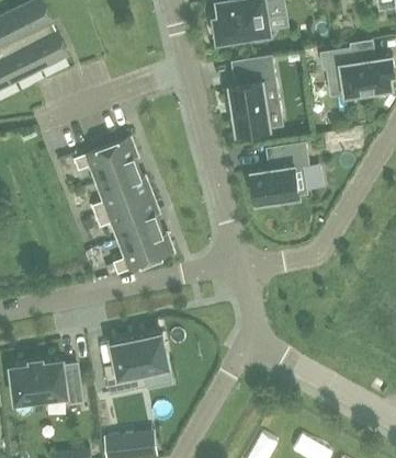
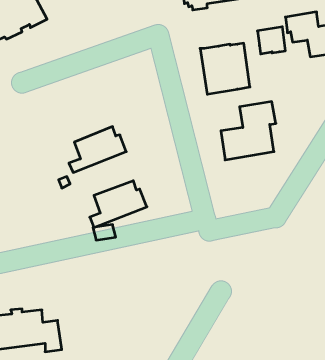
building: [246,56,275,84] -> [257,27,285,54]
building: [73,138,137,185] -> none
building: [95,195,159,241] -> none
building: [101,335,166,394] -> none

